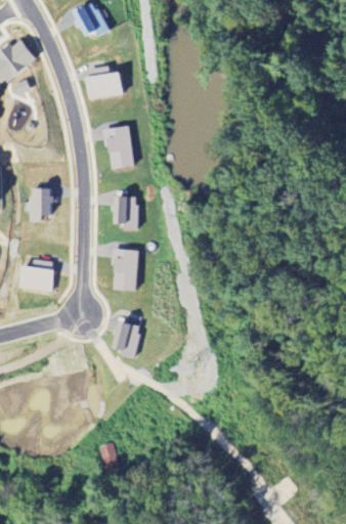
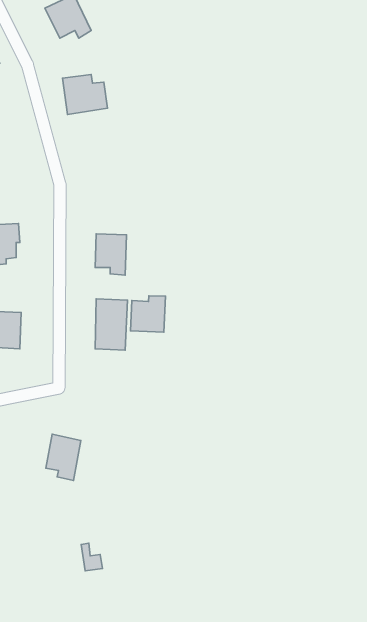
building: [106,125,136,169] -> none
building: none -> [131,296,166,332]
building: [113,320,141,358] -> [46,434,81,481]

